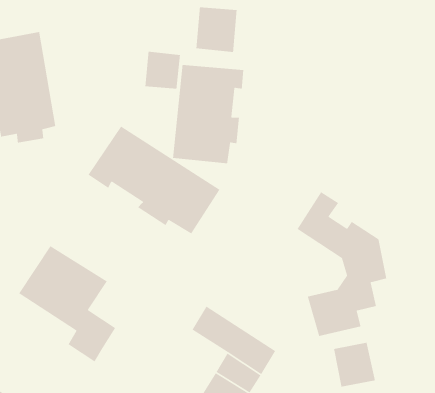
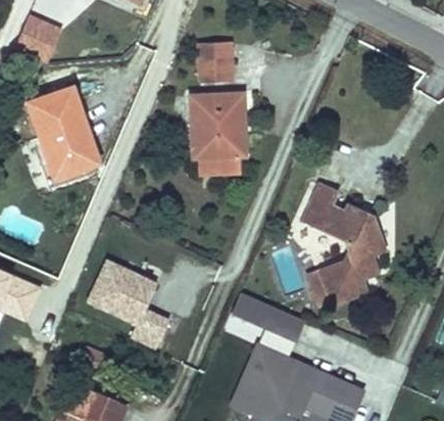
building: [144,51,181,89] -> none
building: [88,126,221,235] -> none
building: [333,342,376,388] -> none

